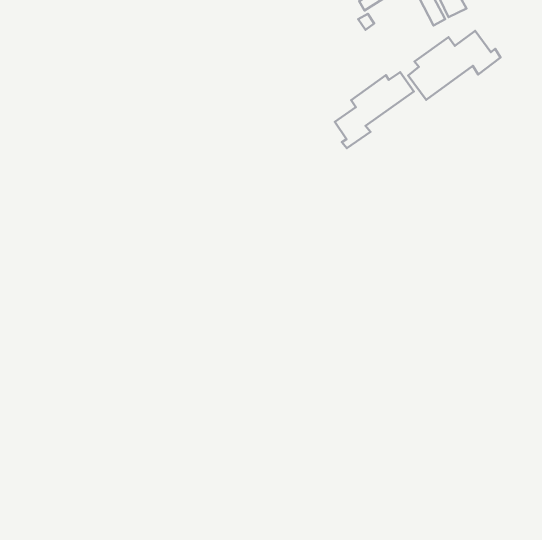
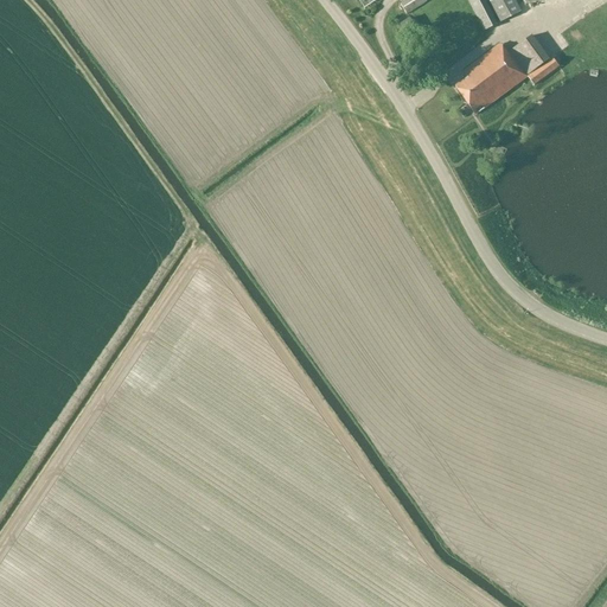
building: [335,72,414,148] -> none

